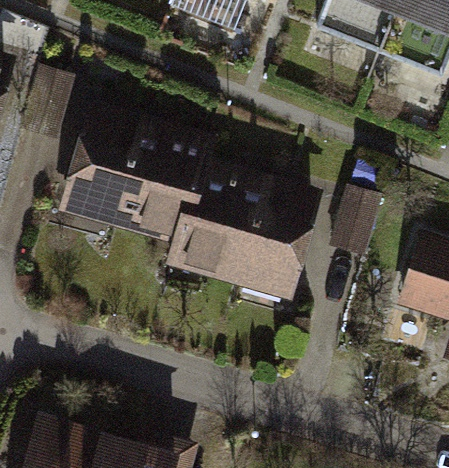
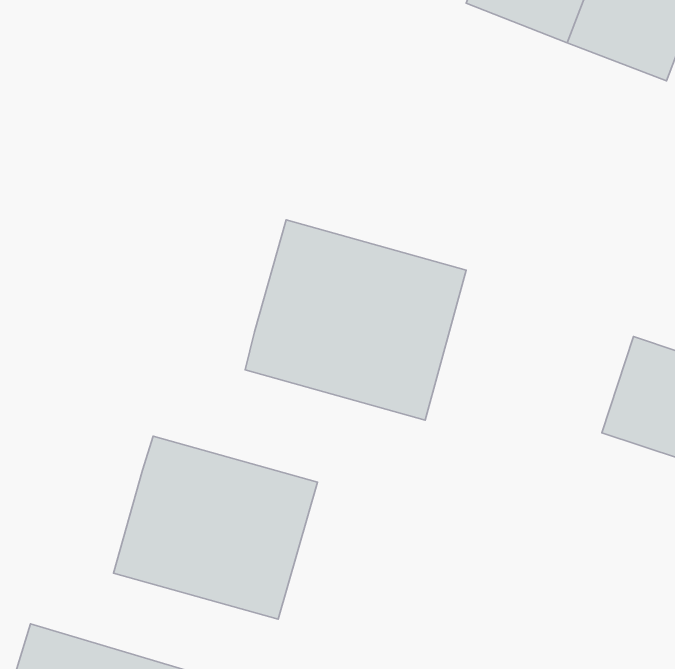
building: [69,111,206,234] -> none
building: none -> [114,436,318,619]

